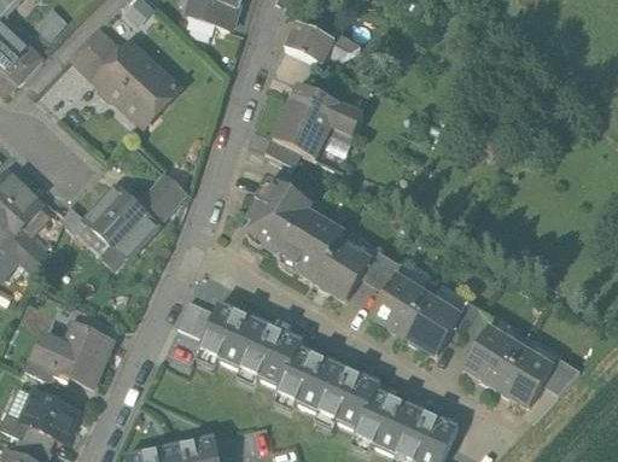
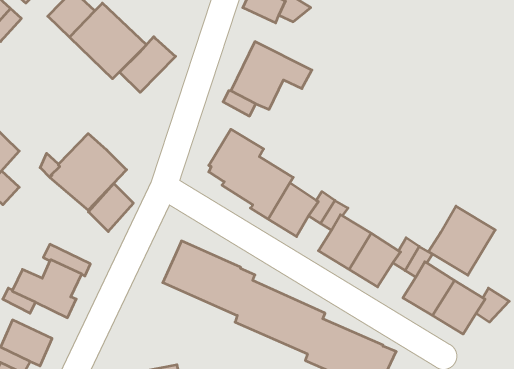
building: none -> [119,37,176,92]
building: [136,171,186,224] -> [88,183,133,232]
building: none -> [428,206,495,275]
building: [177,299,215,338] -> none

